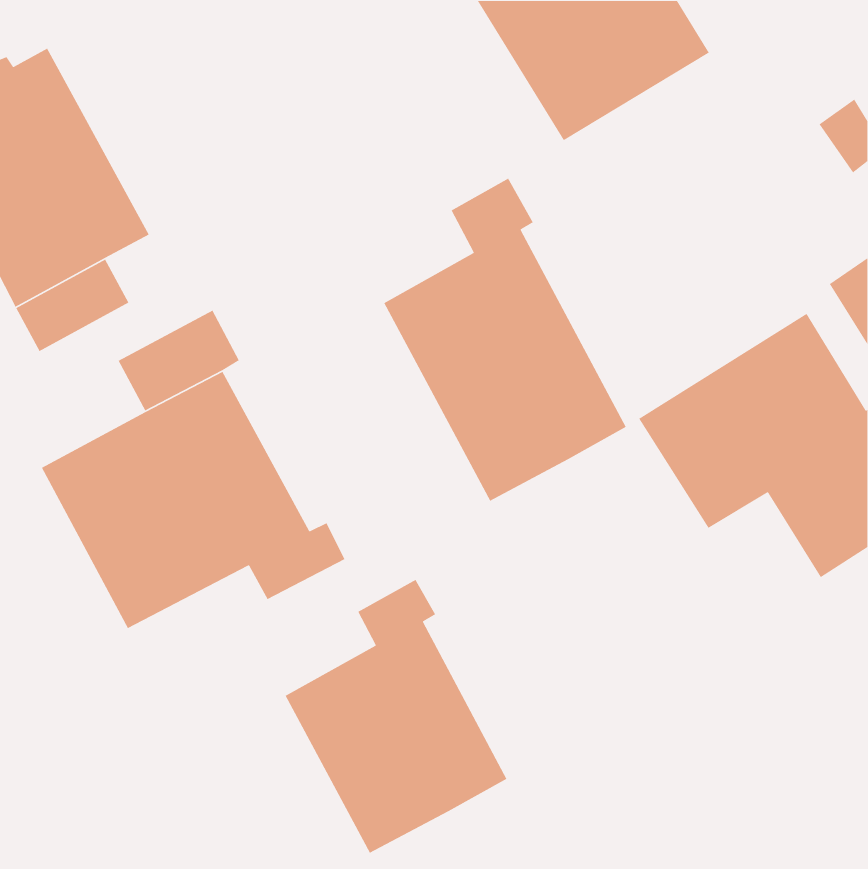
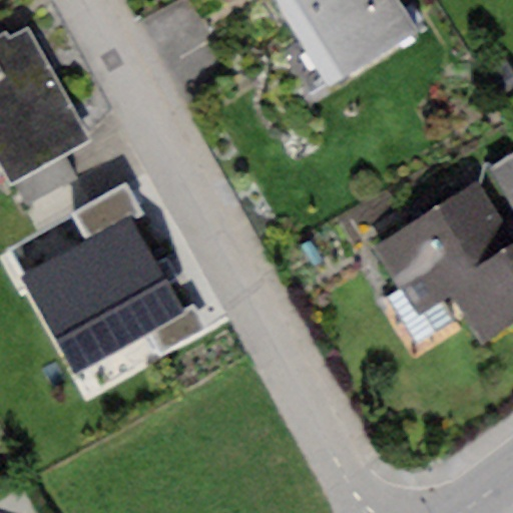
building: [383,178,627,502] -> none
building: [284,579,507,854] -> none

